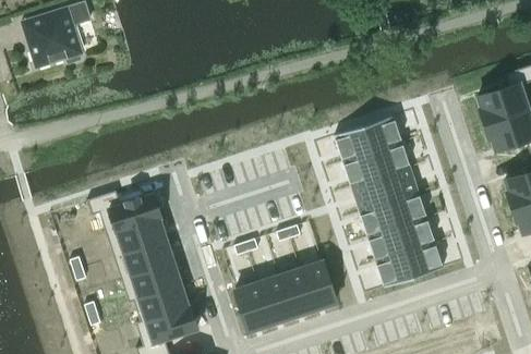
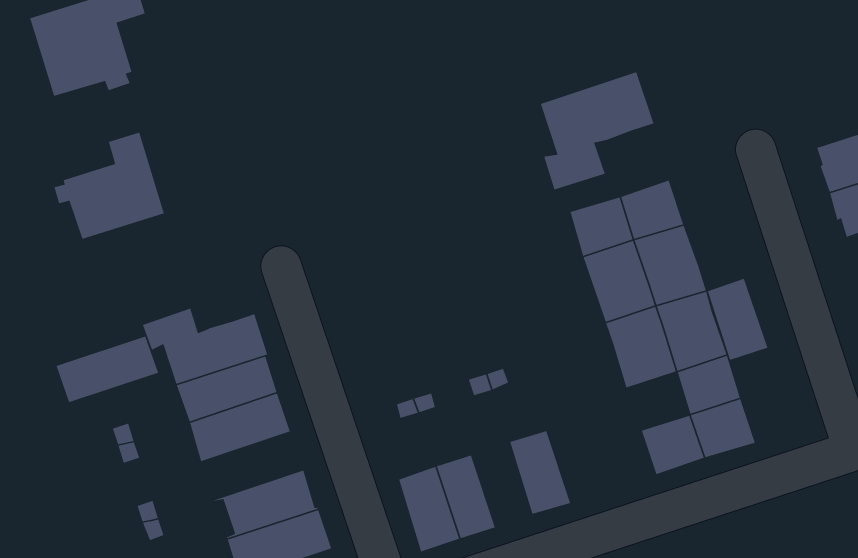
building: none -> [540,71,655,190]
building: none -> [54,132,165,240]
building: none -> [707,276,768,361]
building: [369,228,406,261] -> none
building: [122,263,182,302] -> [55,335,159,403]
building: [279,268,314,318] -> none

